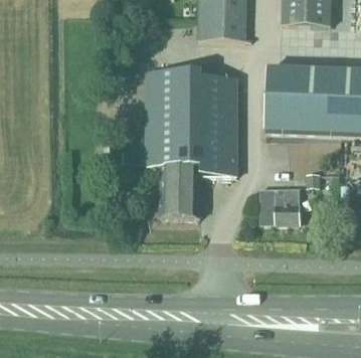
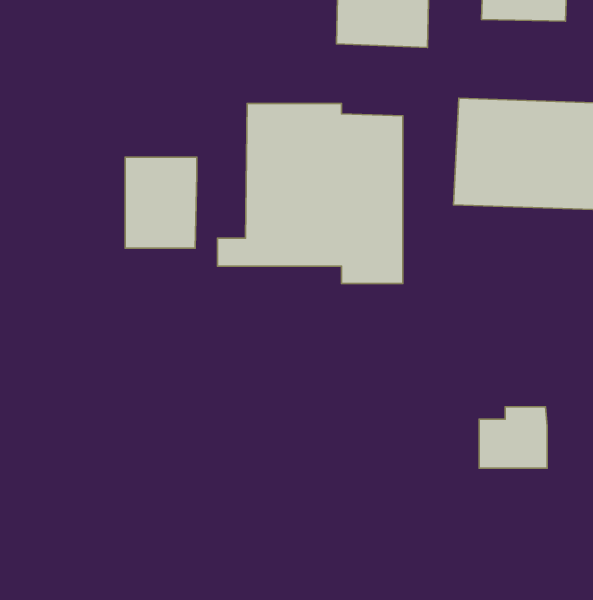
building: [159,164,200,216] -> [125,157,197,248]
building: [260,186,300,221] -> [479,407,547,468]

